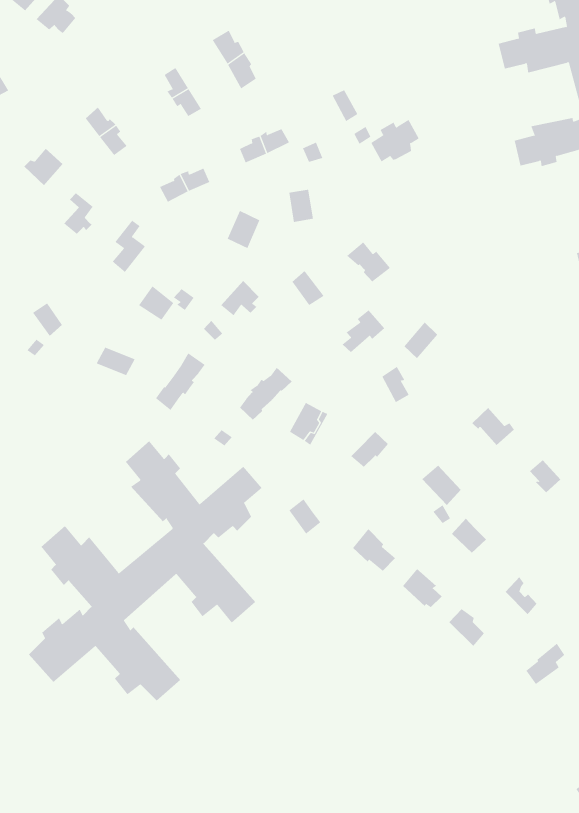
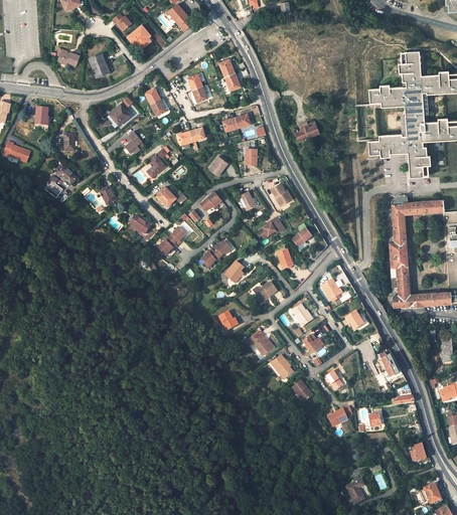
building: [28,440,263,702] -> none

